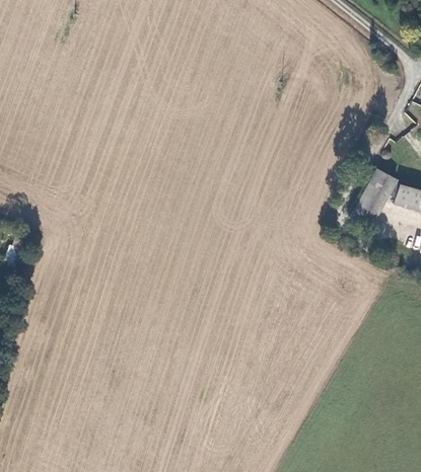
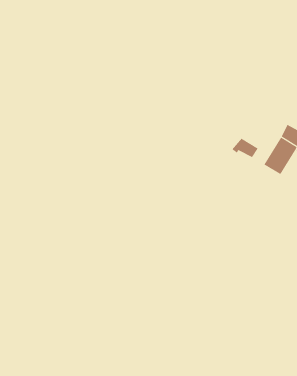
building: none -> [231,138,259,158]

